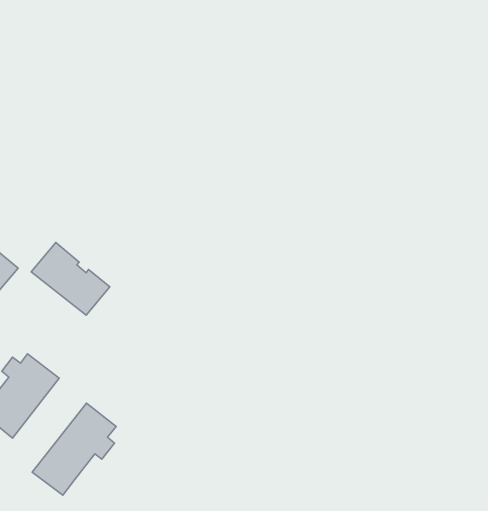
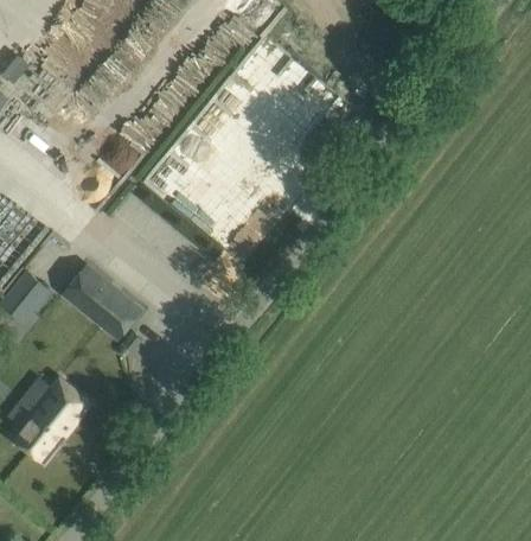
building: [32,403,116,495] -> none

